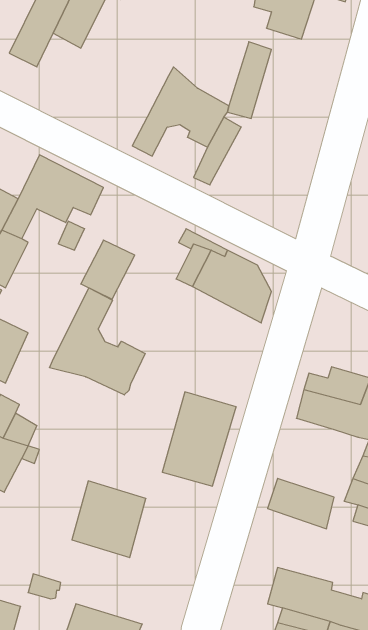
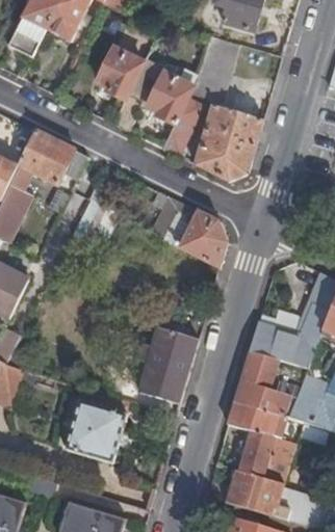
building: none -> [99,49,144,98]
building: none -> [196,106,264,181]
building: [50,288,145,395] -> none
building: none -> [234,347,290,414]
building: none -> [222,422,293,483]

